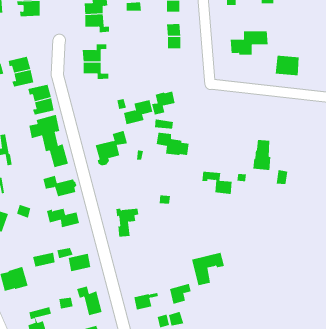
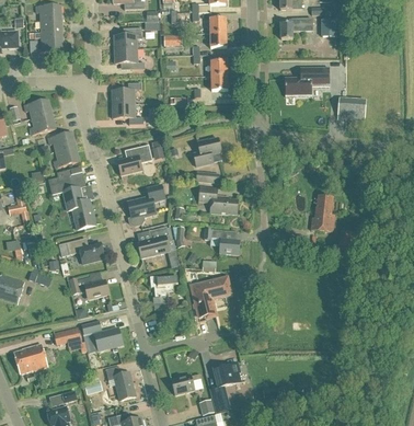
building: [123,100,153,125] -> [116,146,151,175]
building: none -> [137,226,170,258]
building: [201,171,232,195] -> [203,228,239,255]
building: [191,252,225,286] -> [191,277,230,316]

